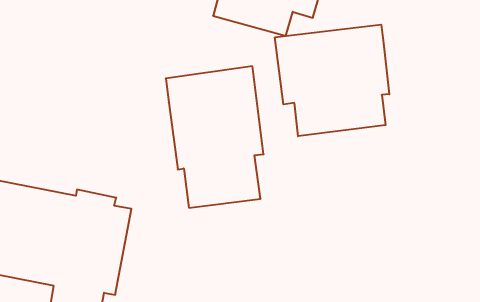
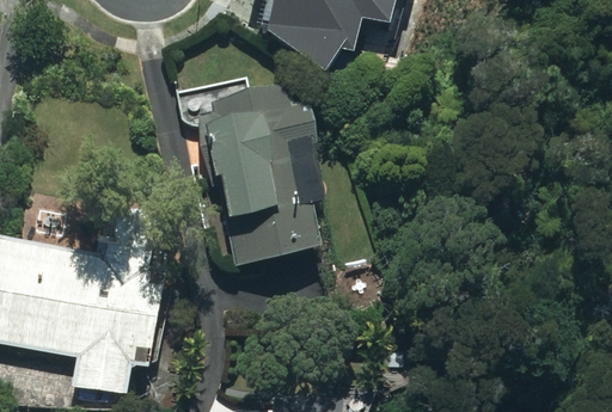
building: [275,25,389,136] -> none

